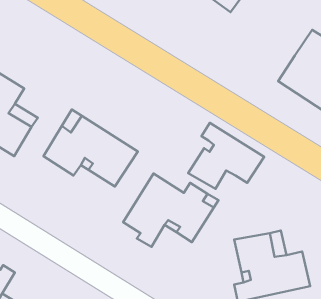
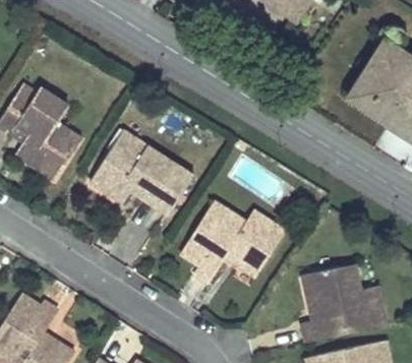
building: [188,123,264,189] -> none

